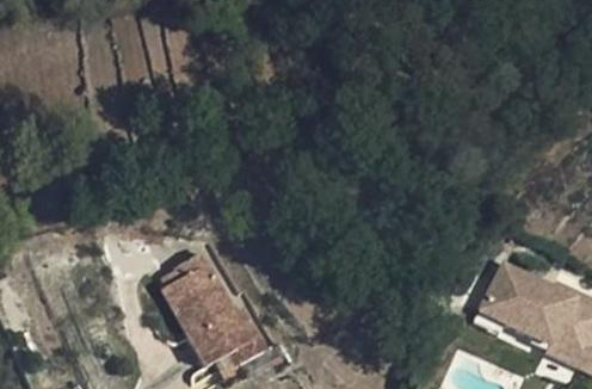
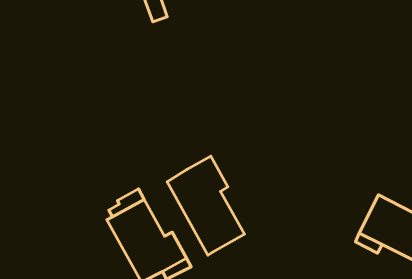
building: none -> [167,156,244,255]

